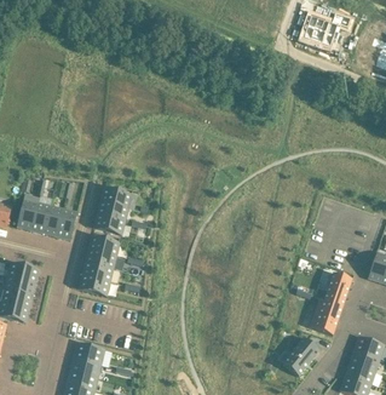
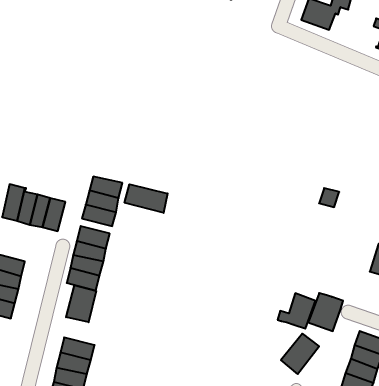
building: none -> [125,184,168,213]
building: [316,271,352,305] -> [278,293,316,329]
building: none -> [66,285,96,322]

